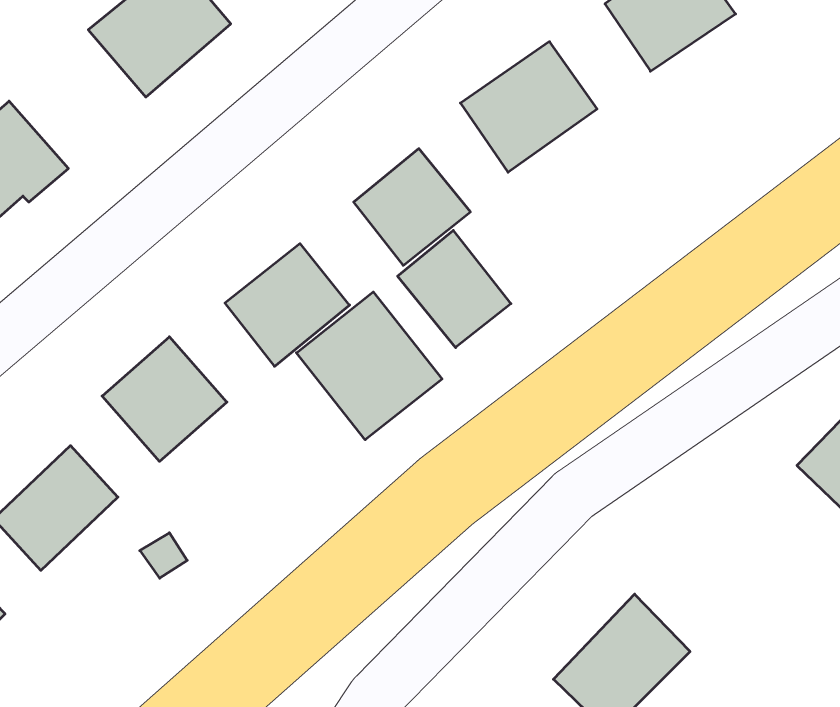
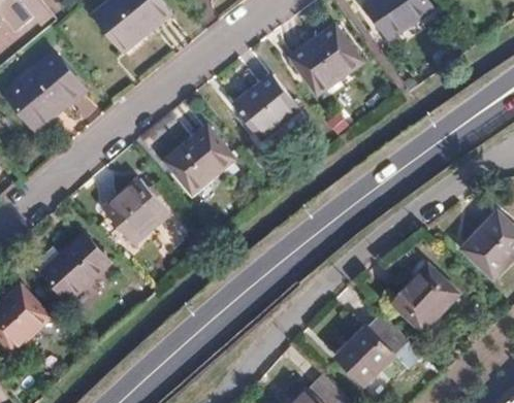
building: [398,230,511,348] -> none
building: [296,292,442,440] -> none
building: none -> [393,262,462,328]

